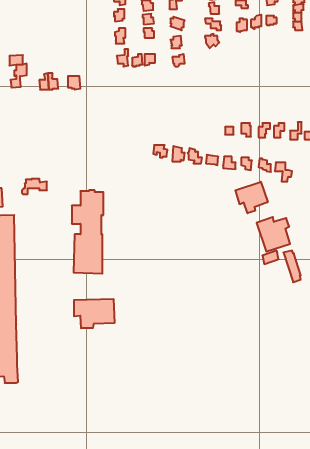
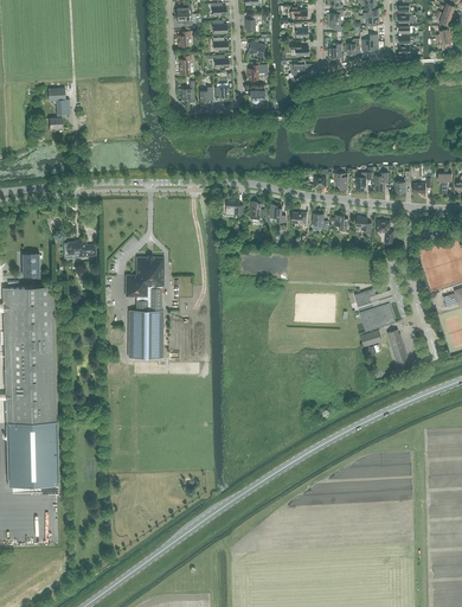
building: [235,182,268,213] -> none
building: [74,299,114,328] -> none

